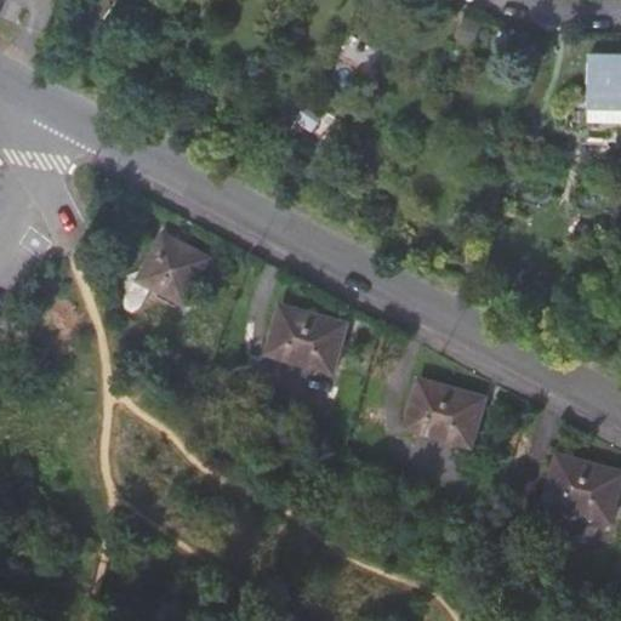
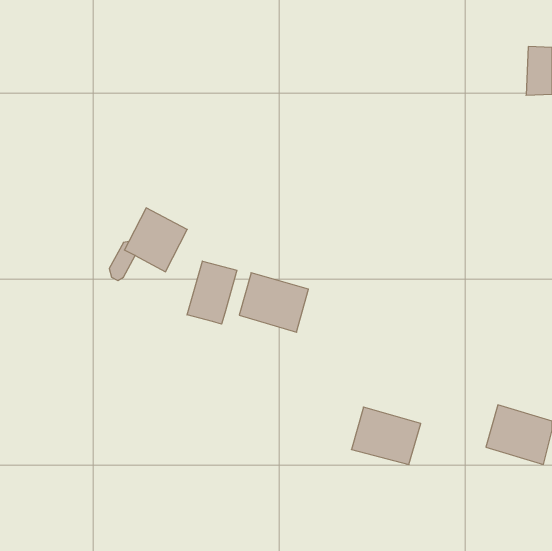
building: none -> [187,261,237,324]
building: [406,380,484,444] -> [351,407,421,465]

